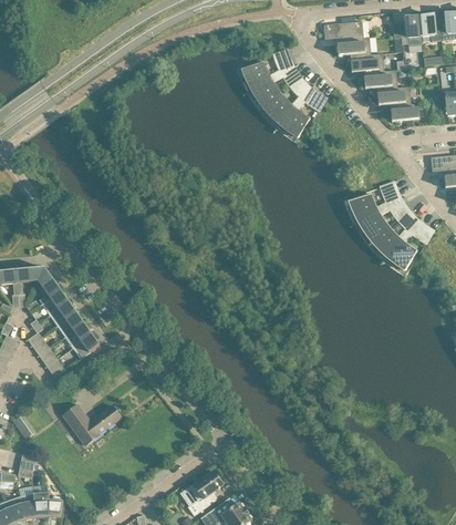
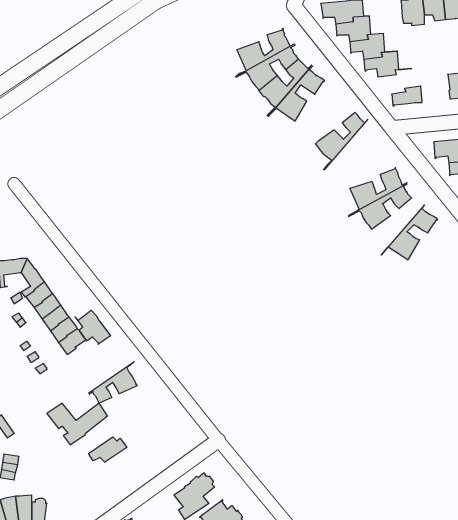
building: [376,86,410,111] -> none
building: [371,209,421,264] -> [315,112,368,170]
building: none -> [75,310,111,344]
building: none -> [89,362,137,403]
building: none -> [89,437,127,462]

